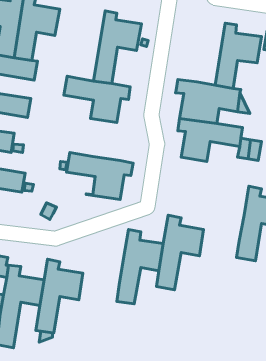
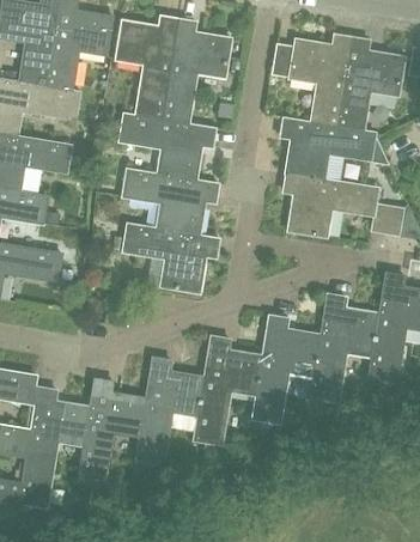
building: none -> [116,17,178,121]
building: none -> [272,35,352,127]
building: none -> [122,169,218,236]
building: none -> [310,293,379,401]
building: none -> [136,357,205,464]

